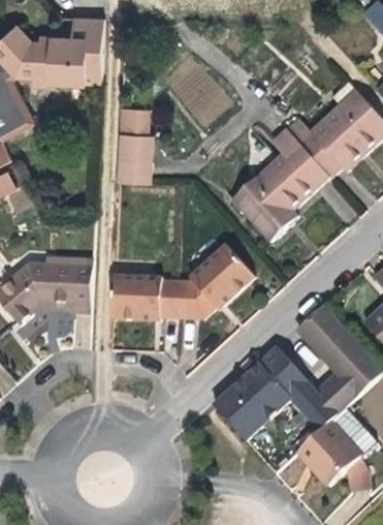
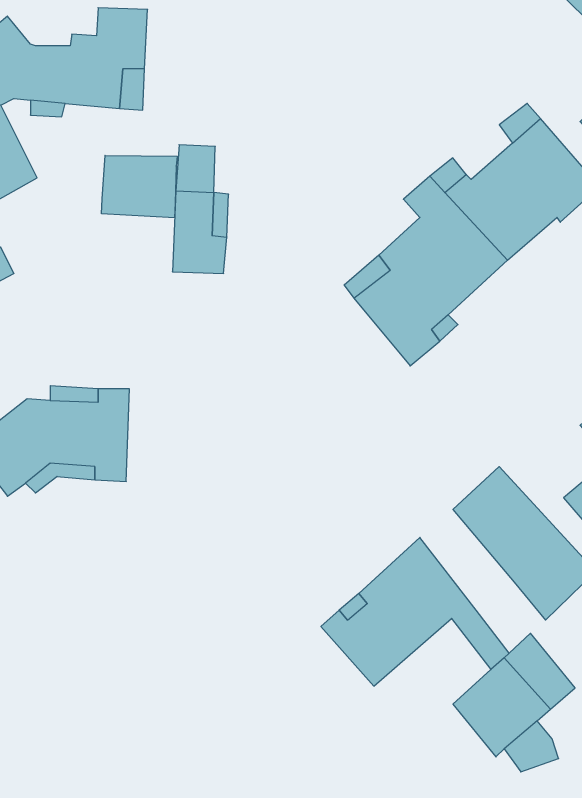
building: none -> [102,155,177,218]
building: [113,243,256,320] -> none
building: [309,377,352,422] -> none

